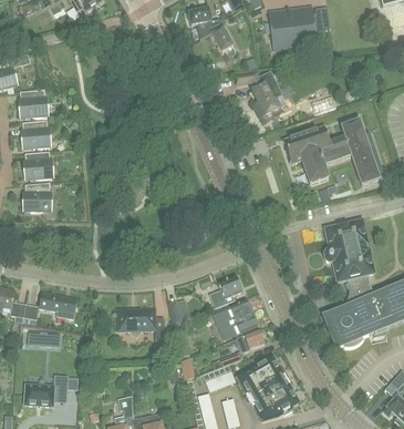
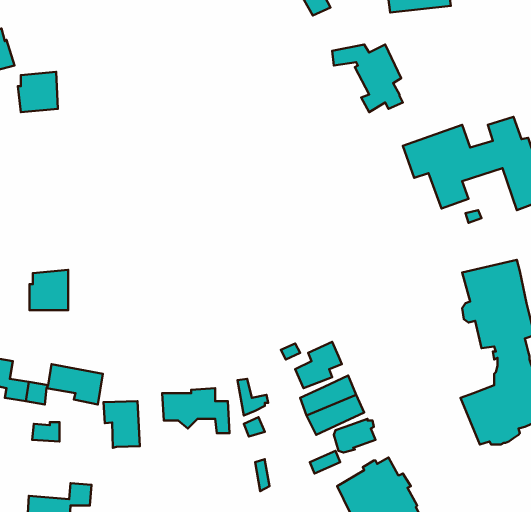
building: [21,120,49,147] -> none
building: [23,151,51,178] -> none
building: [22,182,49,210] -> [30,270,68,310]
building: none -> [104,401,140,448]

